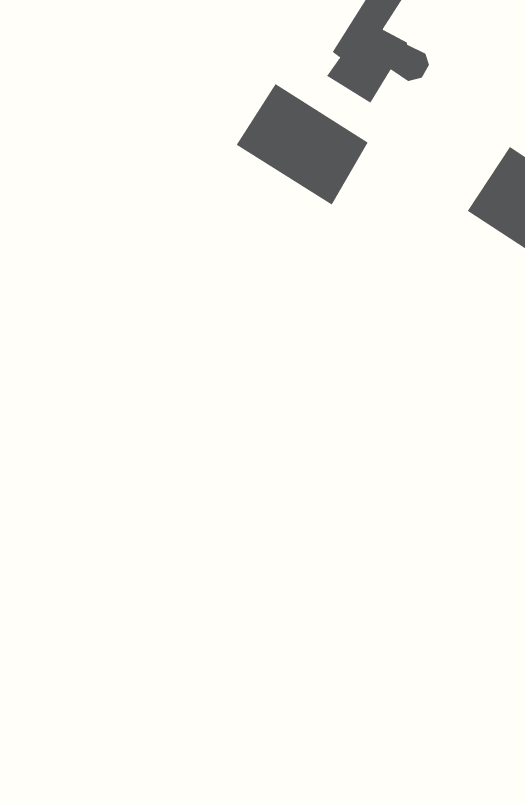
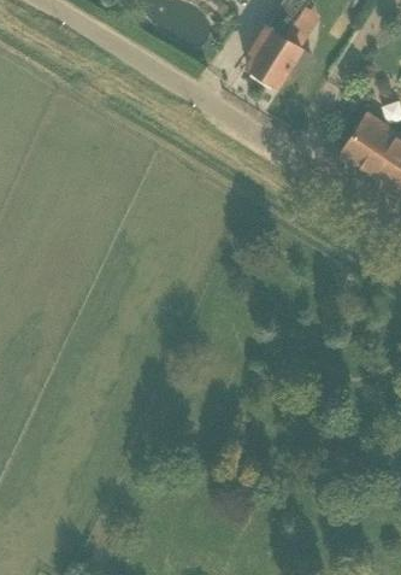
building: [236,83,369,205] -> none

